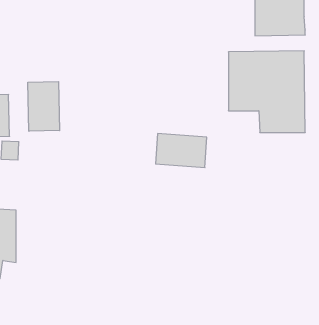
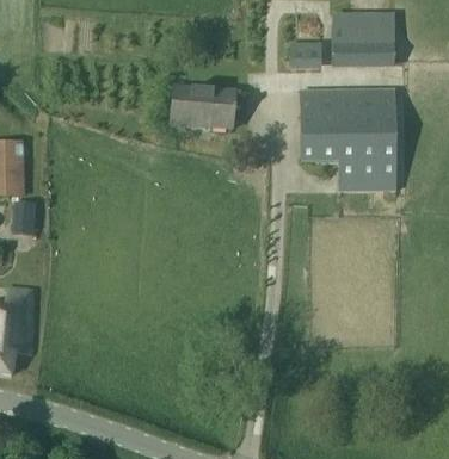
building: none -> [291,41,322,68]
building: [28,82,60,131] -> none
building: [156,134,207,168] -> [171,85,235,128]

